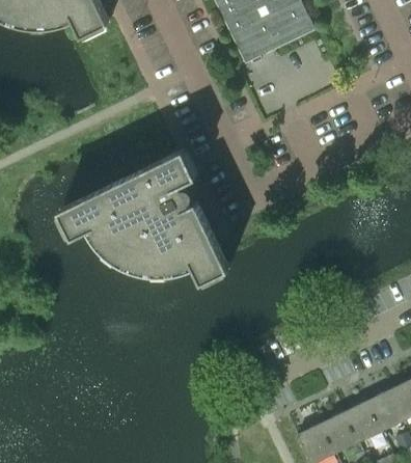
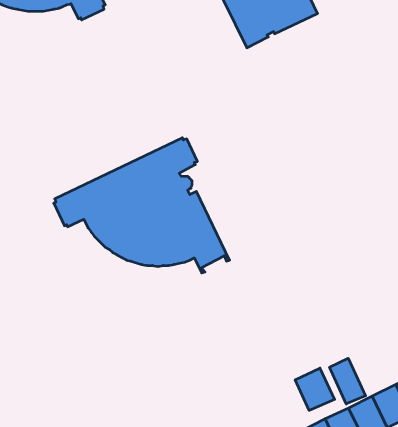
building: none -> [330,358,366,404]
building: none -> [295,368,335,410]

